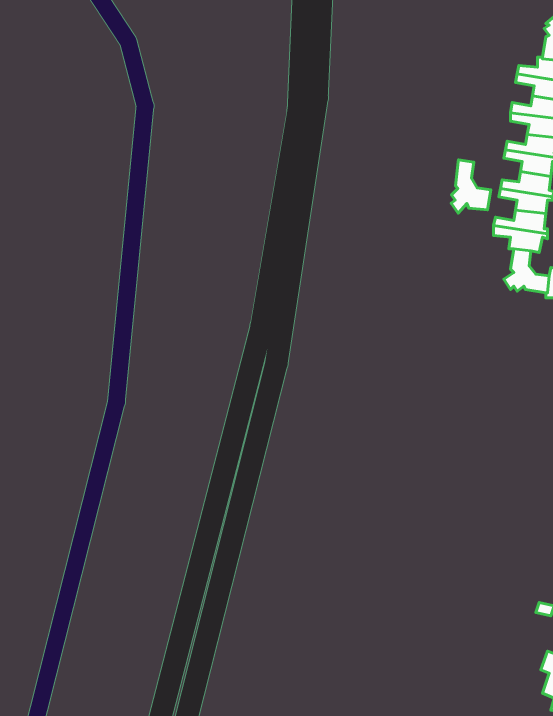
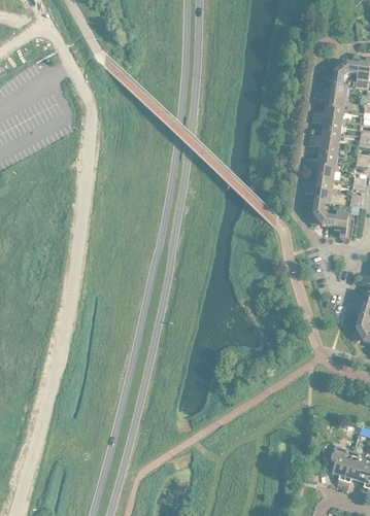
building: [451,160,491,213] -> none

